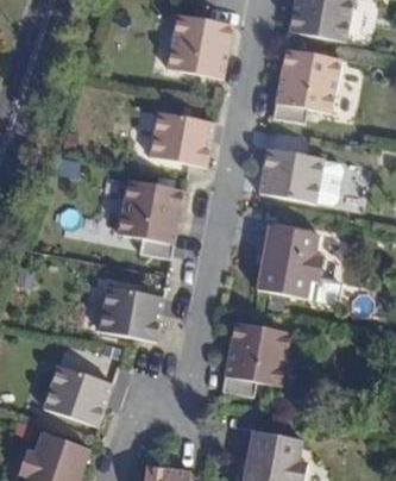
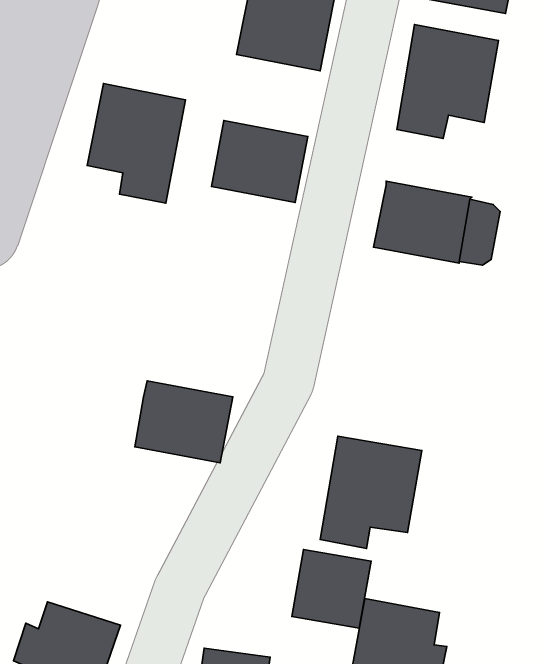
building: [118,177,183,257] -> [87,84,185,203]
building: [257,224,322,298] -> none
building: [43,364,112,425] -> none
building: none -> [292,549,371,628]

